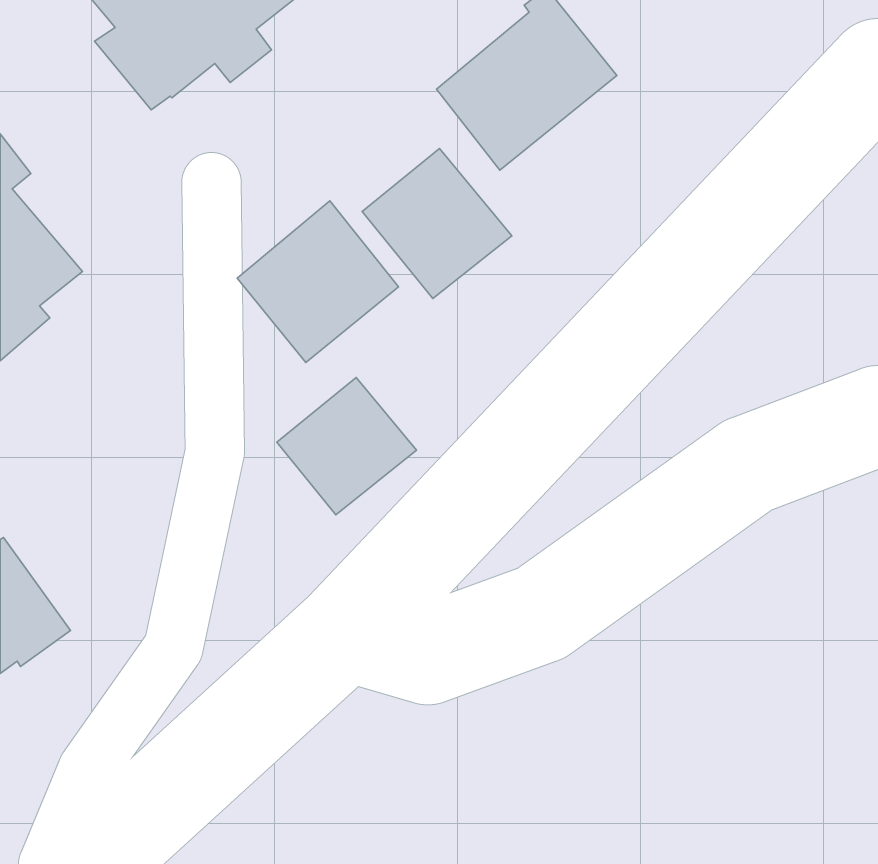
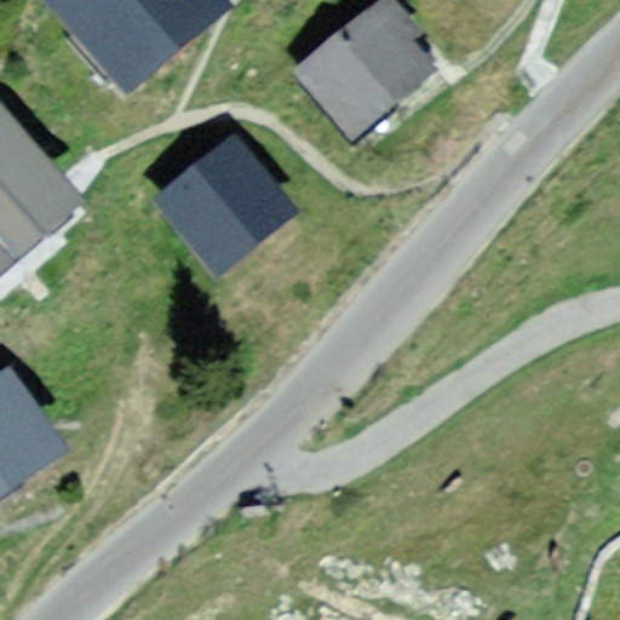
building: [362,149,512,298] -> none
building: [277,378,417,515] -> none

